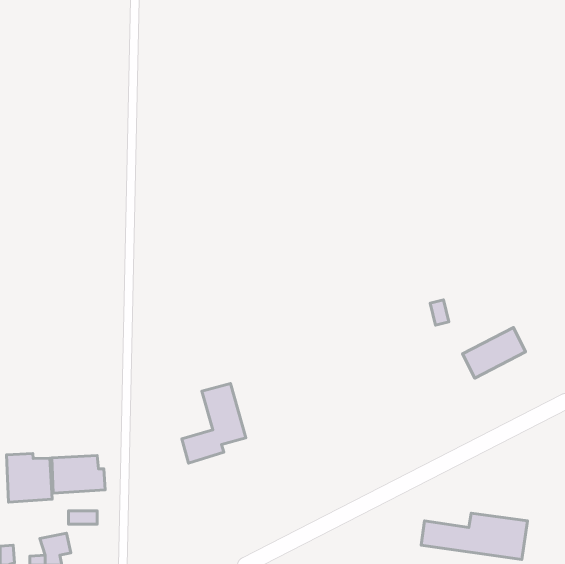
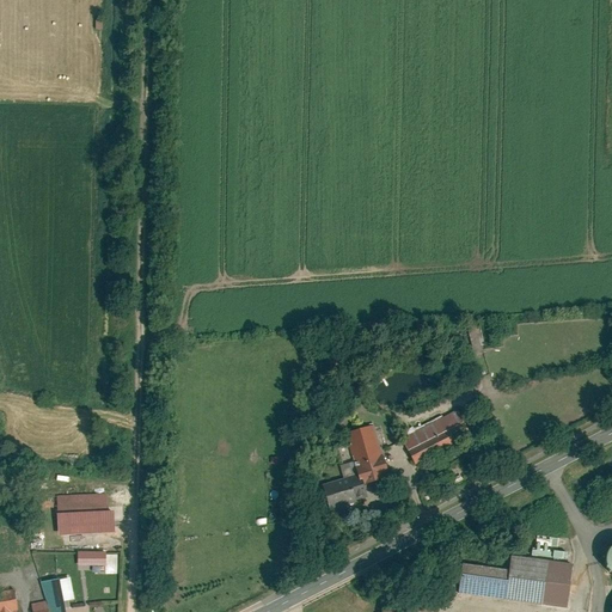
building: [463,327,526,378] -> [402,410,470,465]
building: [182,384,246,463] -> [320,423,390,509]
building: [7,454,52,502] -> none

